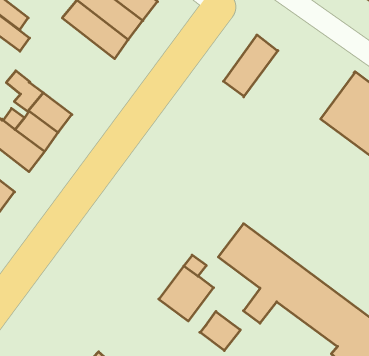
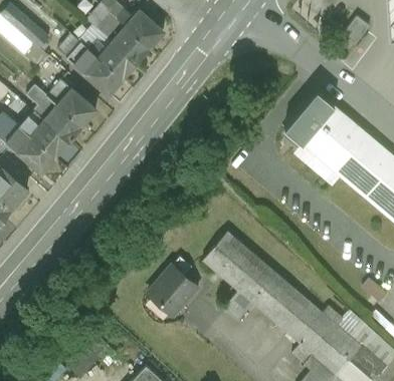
building: none -> [58,32,124,95]
building: [223,35,278,97] -> [285,90,336,144]
building: none -> [46,84,97,126]
building: [200,311,240,351] -> none

